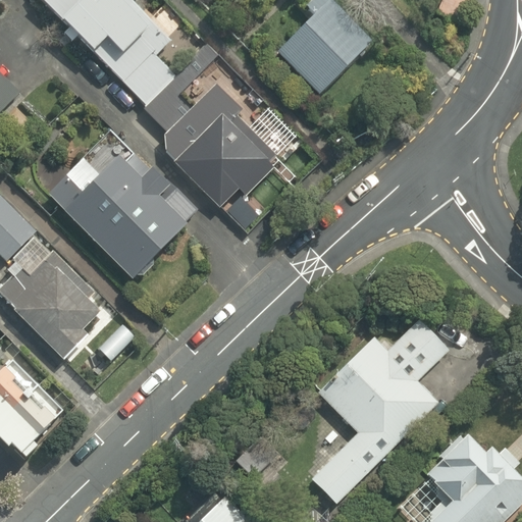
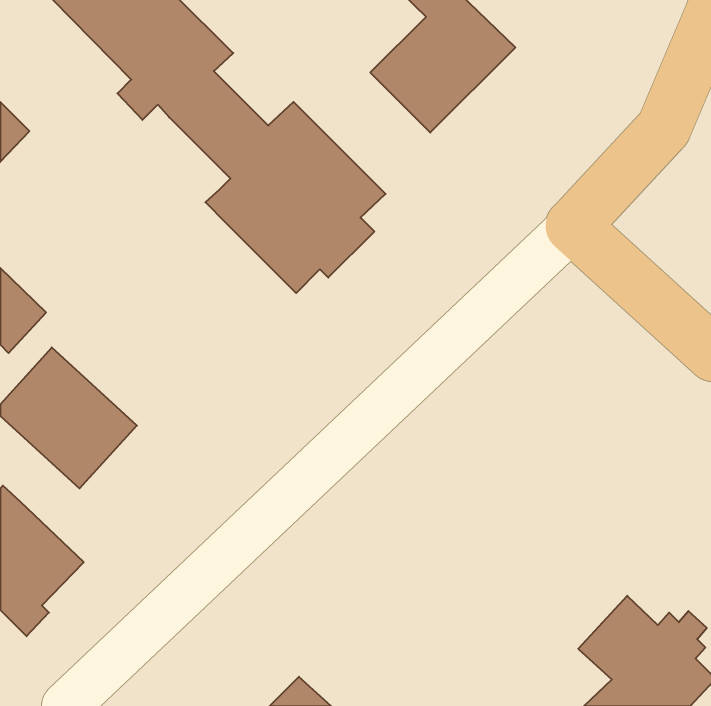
building: [43,146,186,279] -> none
building: [314,317,454,499] -> none

